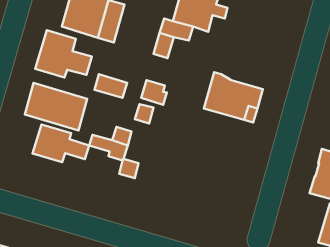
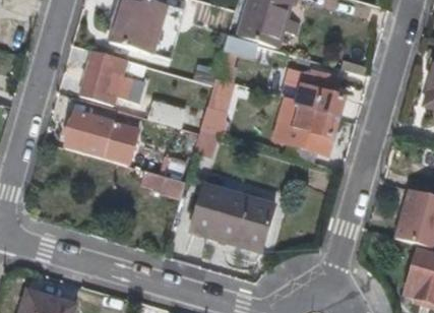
building: none -> [281,67,346,116]
building: [33,124,89,162] -> none
building: none -> [191,184,276,253]

